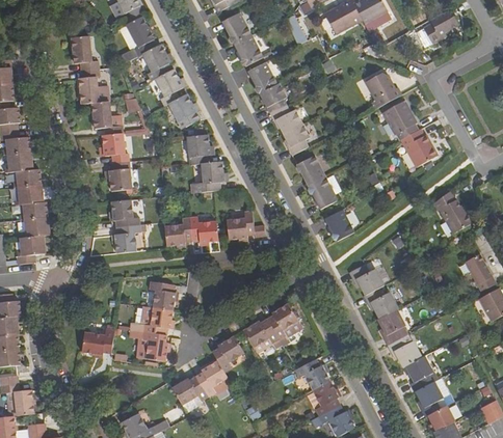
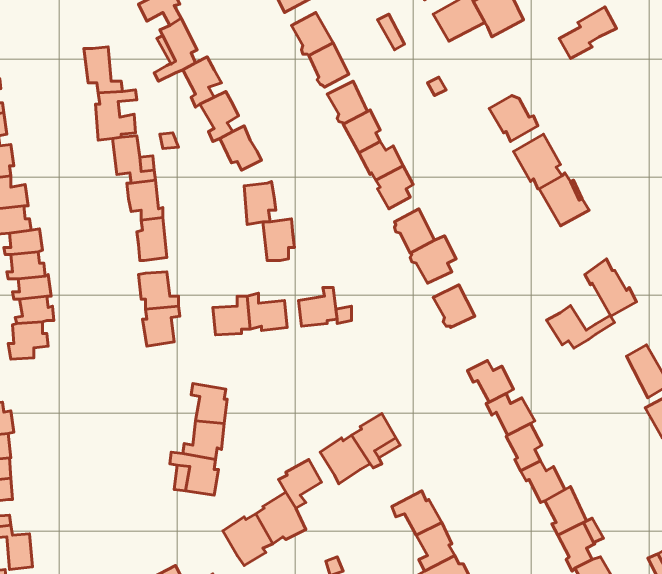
building: none -> [546,306,615,348]
building: [81,328,113,354] -> none

